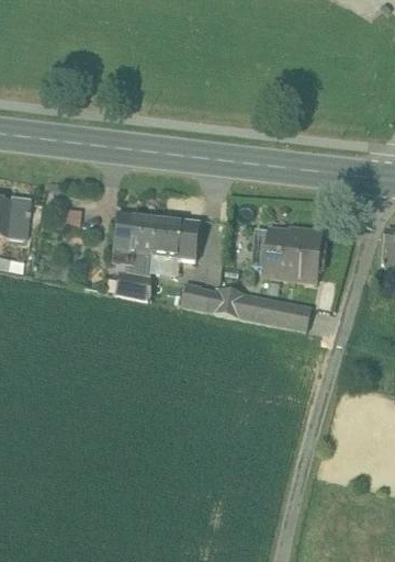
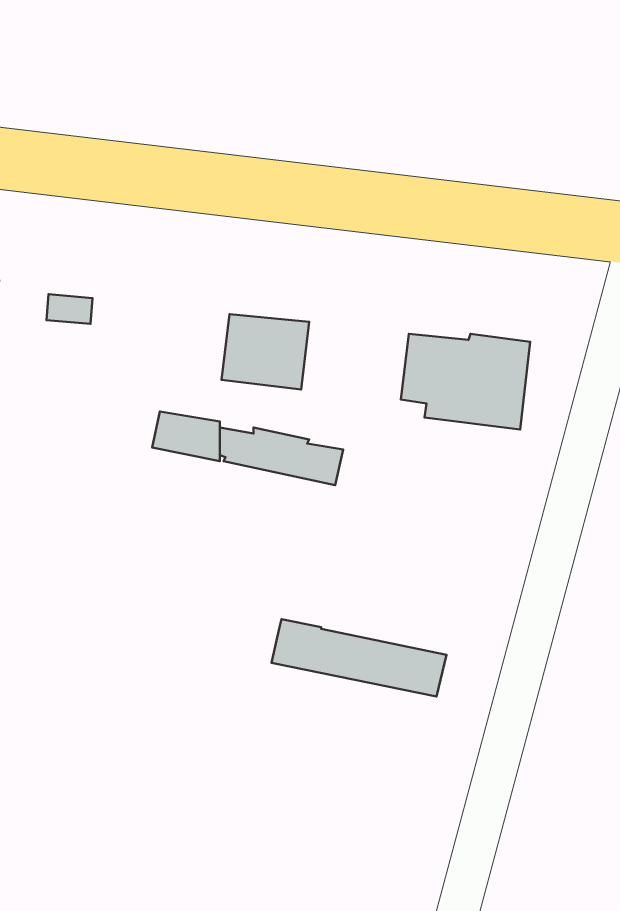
building: [113,212,158,262] -> none
building: [216,288,313,330] -> [272,619,447,697]

